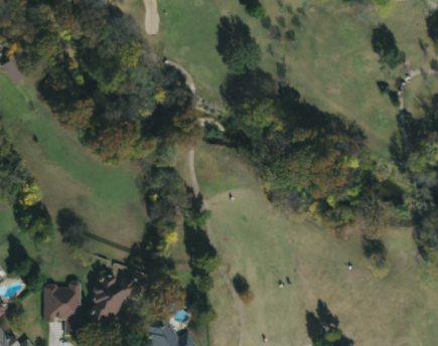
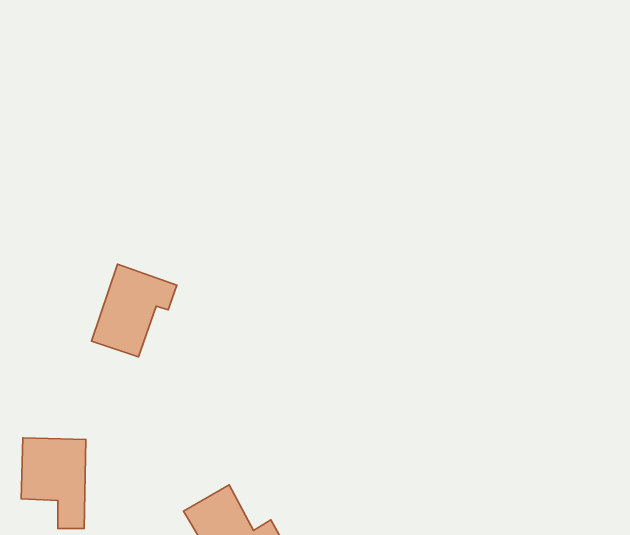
building: [86,272,135,325] -> [91,264,177,357]

